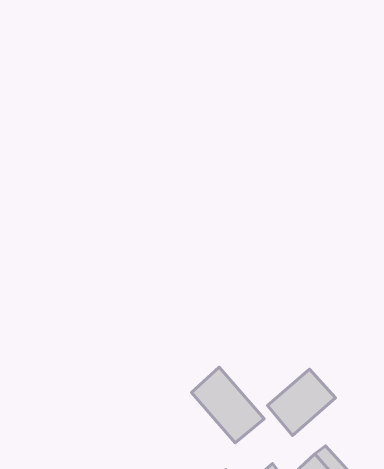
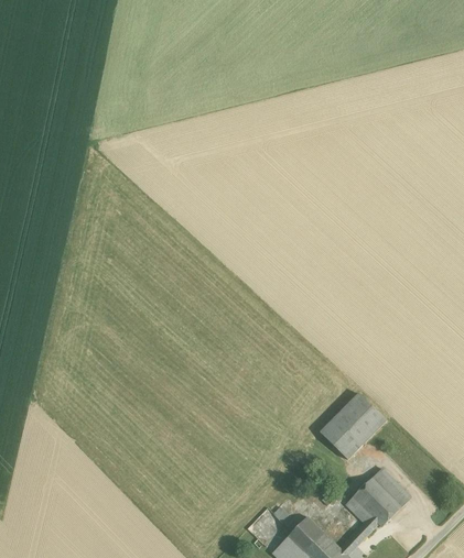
building: [191,367,264,443] -> none

